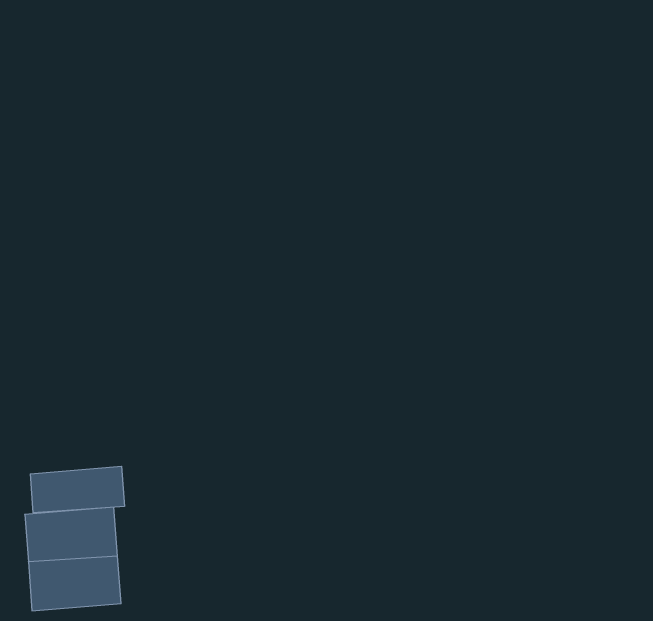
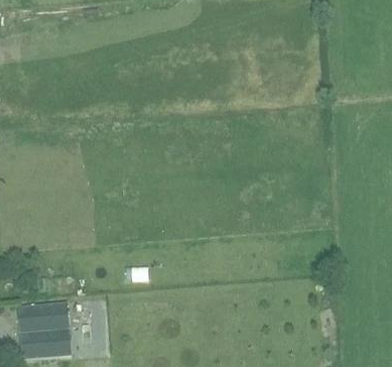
building: [30,466,124,513] -> none

